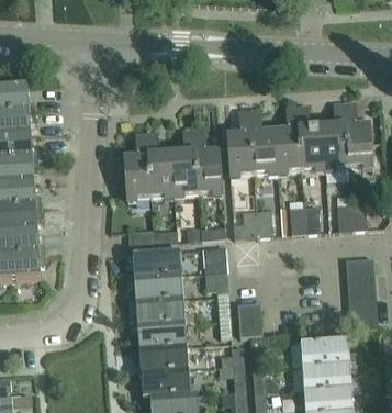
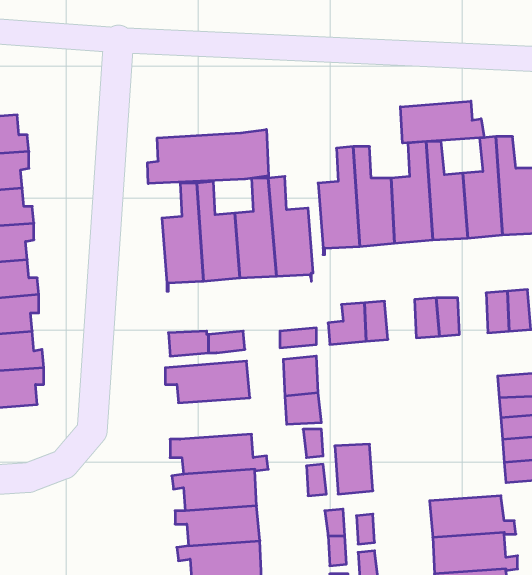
building: none -> [400,101,484,143]
building: none -> [148,129,269,184]
building: [126,274,182,301] -> none

